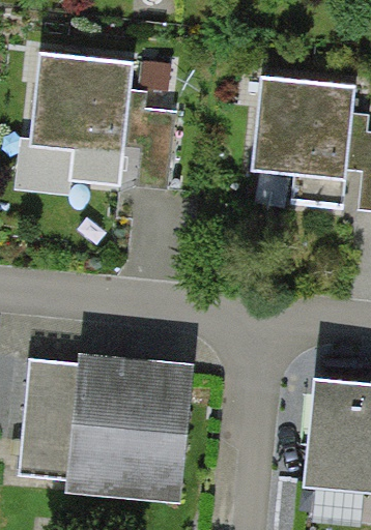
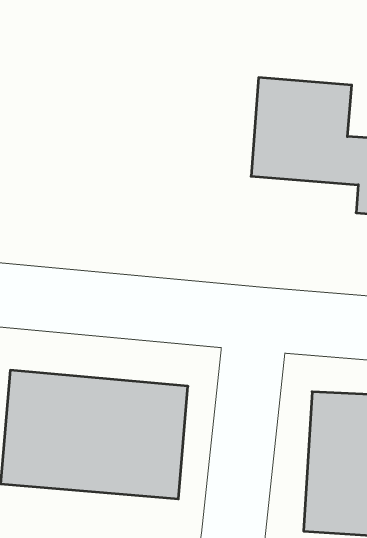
building: [30,54,174,192] -> none

